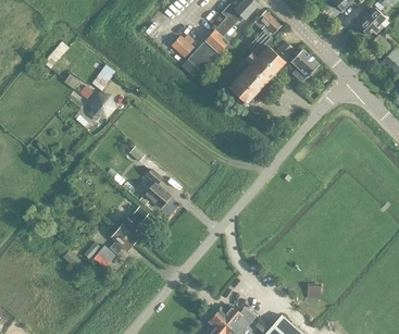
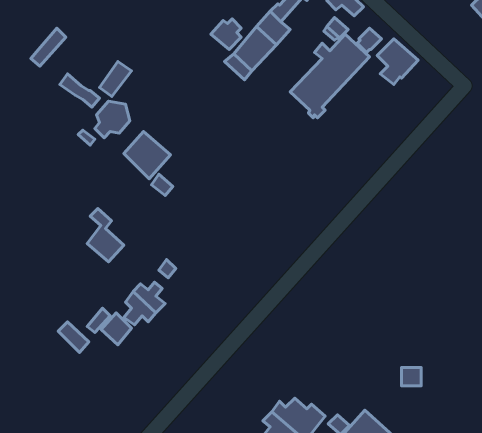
building: none -> [124,131,170,179]
building: [145,170,171,208] -> [87,209,124,262]

